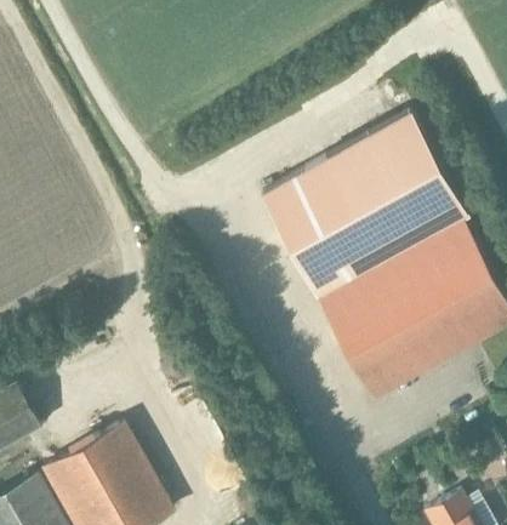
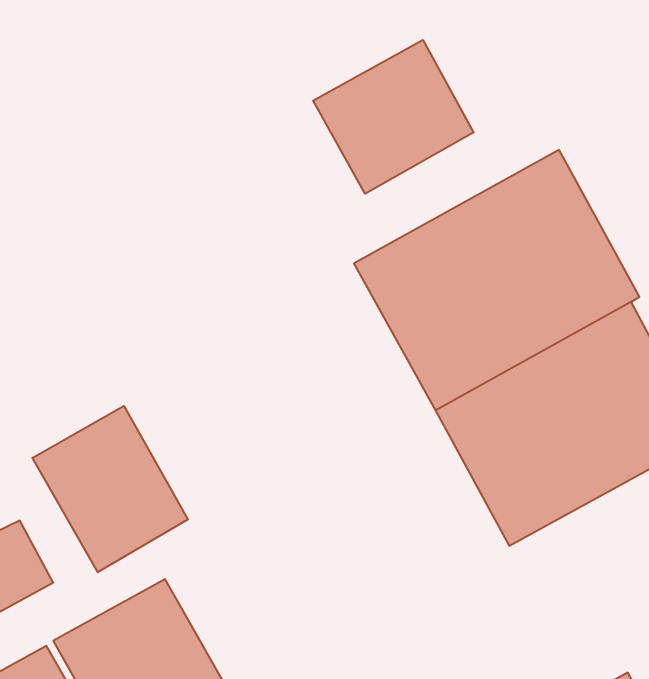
building: none -> [313,40,474,194]
building: none -> [32,406,188,572]

